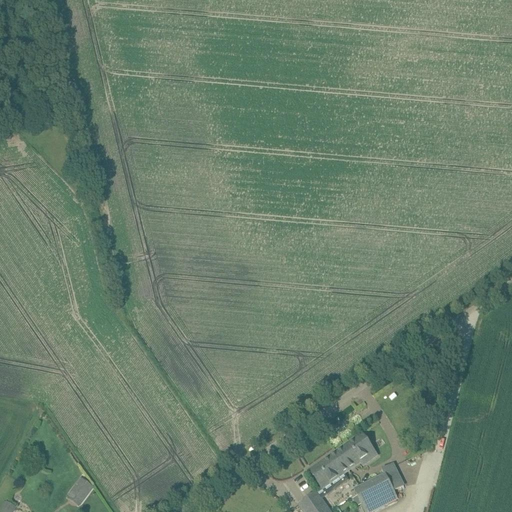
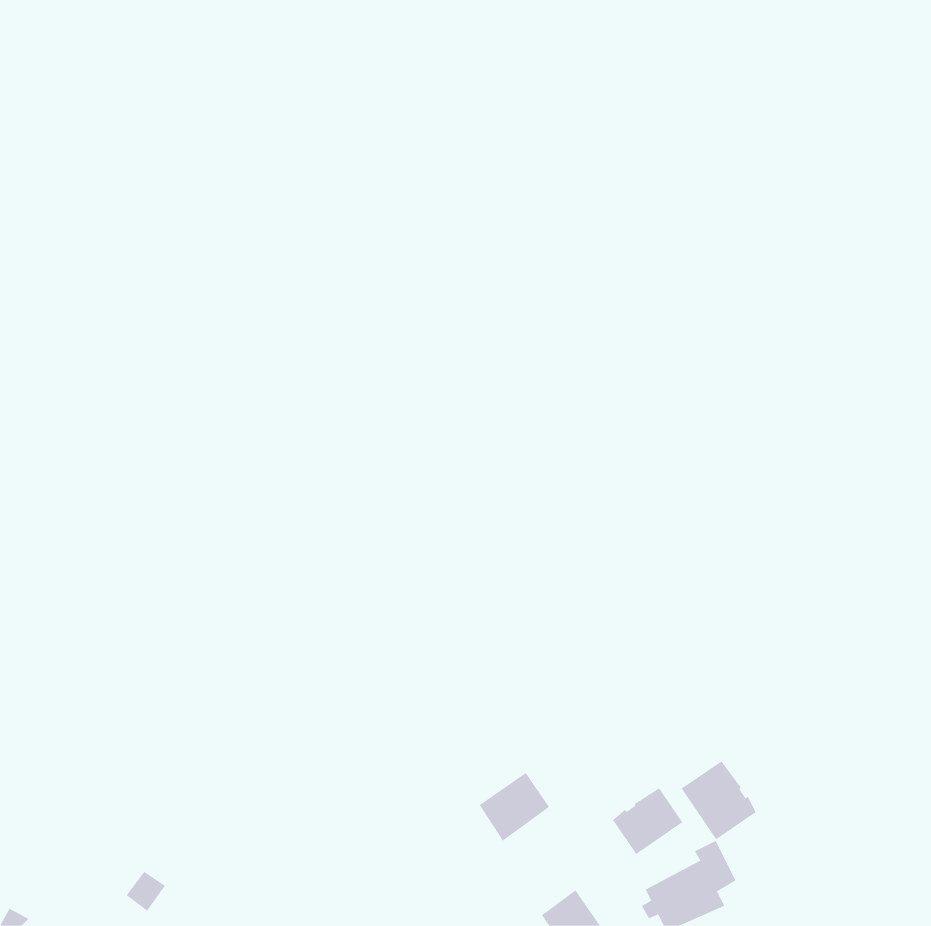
building: none -> [681,760,757,840]
building: [310,450,349,488] -> [479,772,550,842]

